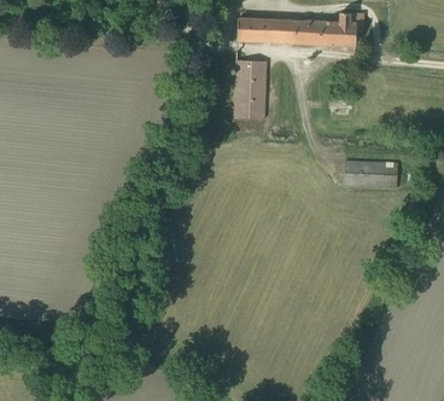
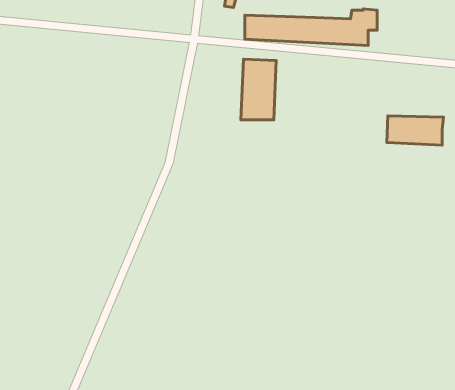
building: [343,161,397,188] -> [387,116,443,145]

